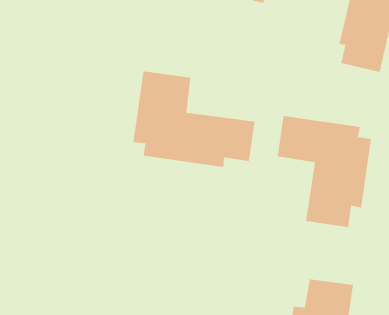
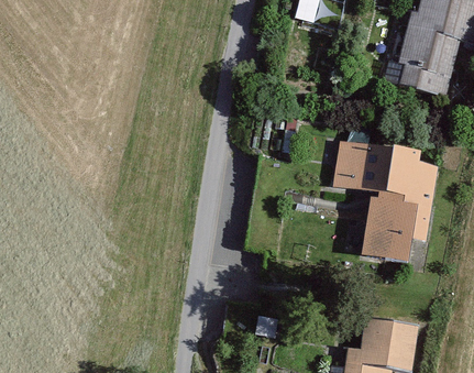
building: [133,70,256,168] -> none

